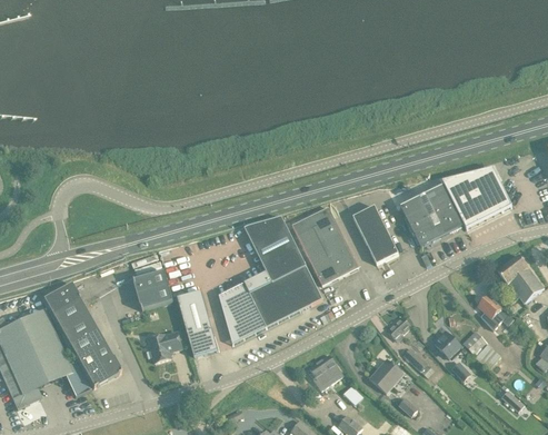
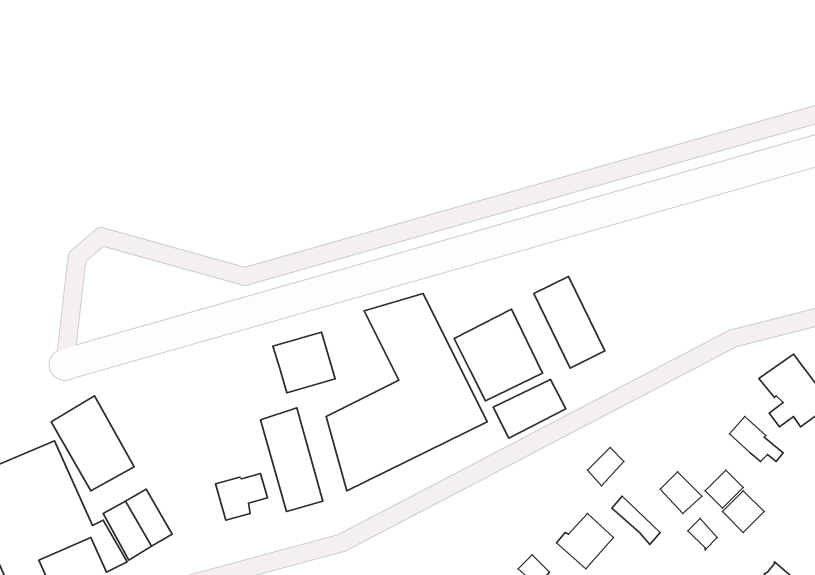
building: [400,167,511,244] -> none
building: [291,207,338,245] -> [493,379,566,438]
building: [133,270,173,309] -> [273,332,335,393]
building: [68,327,103,357] -> none
building: [309,354,343,389] -> none

